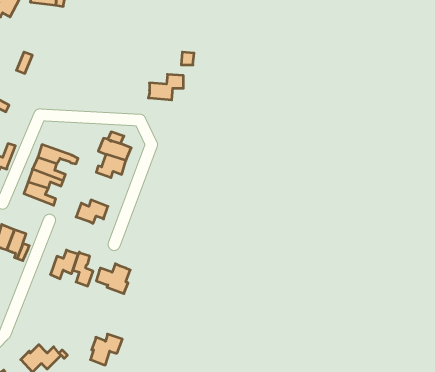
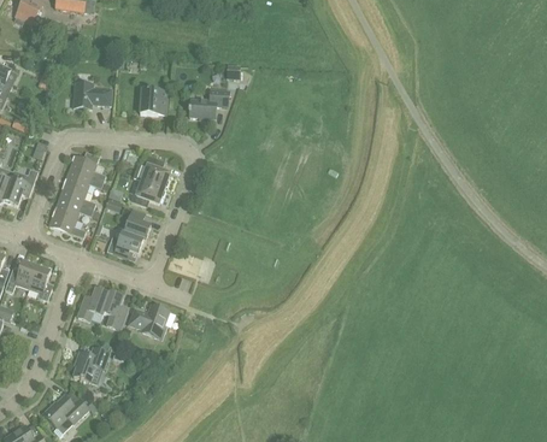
building: none -> [72,81,111,108]
building: none -> [139,88,167,114]
building: none -> [67,151,104,181]
building: none -> [117,206,149,238]
building: [90,334,122,365] -> [73,346,110,381]

